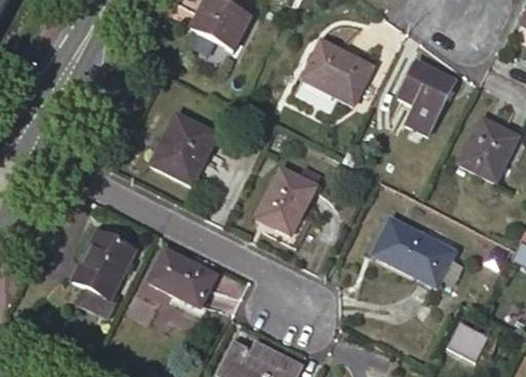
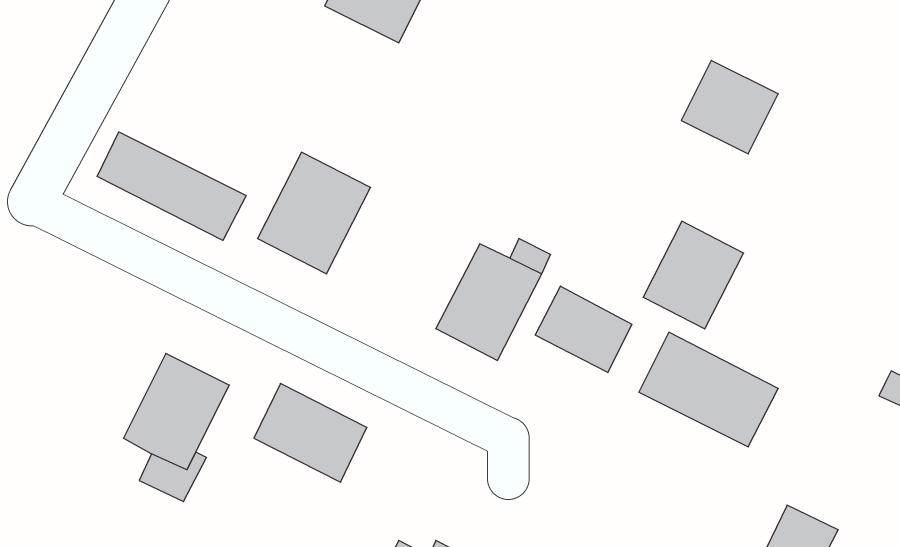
building: [301,39,373,105] -> none
building: none -> [97,132,246,240]
building: [459,118,518,181] -> [643,221,744,329]
building: none -> [535,286,632,373]

